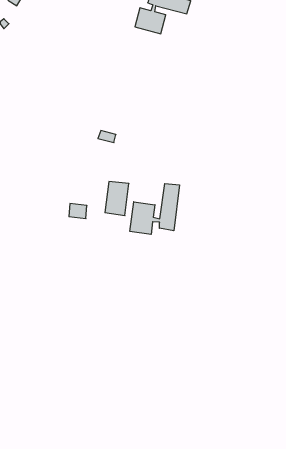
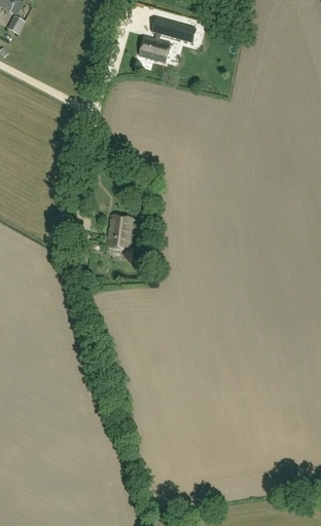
building: [130,184,179,234] -> none

